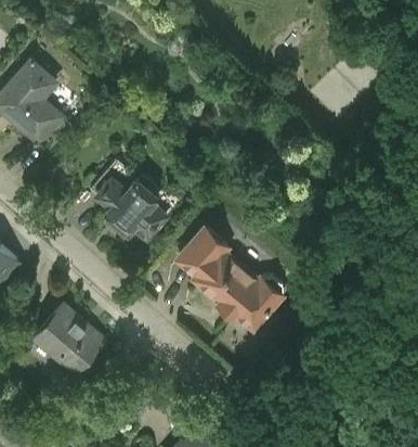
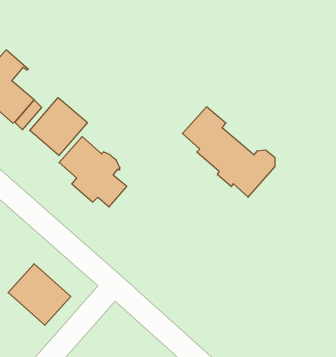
building: none -> [30,98,87,156]
building: [179,225,283,327] -> [182,107,275,197]

